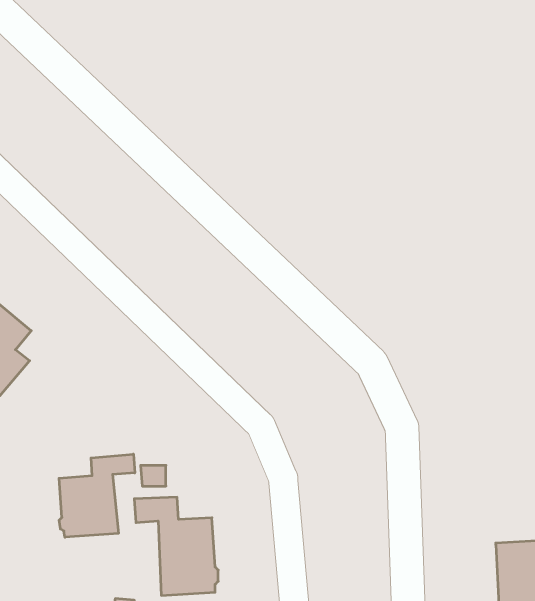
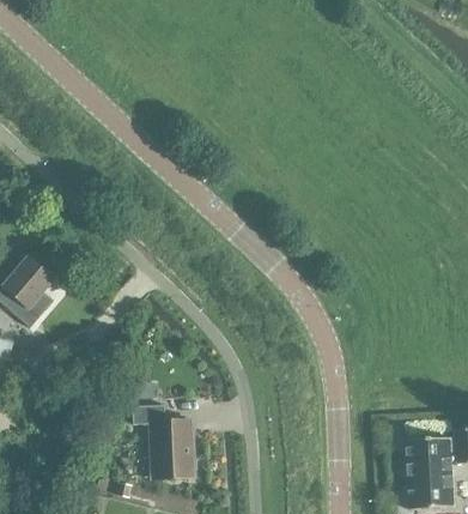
building: [59,454,135,537] -> none

